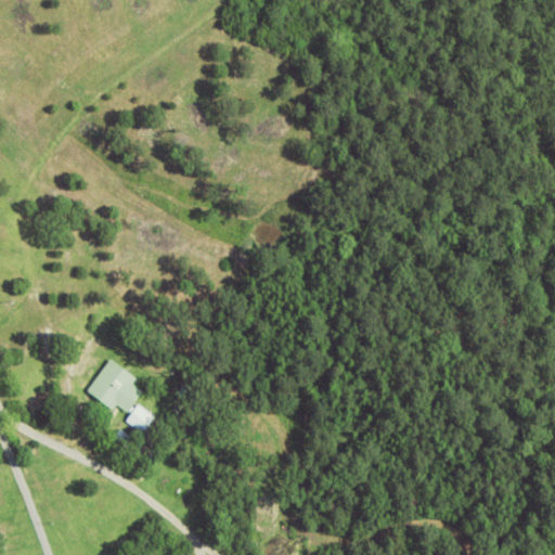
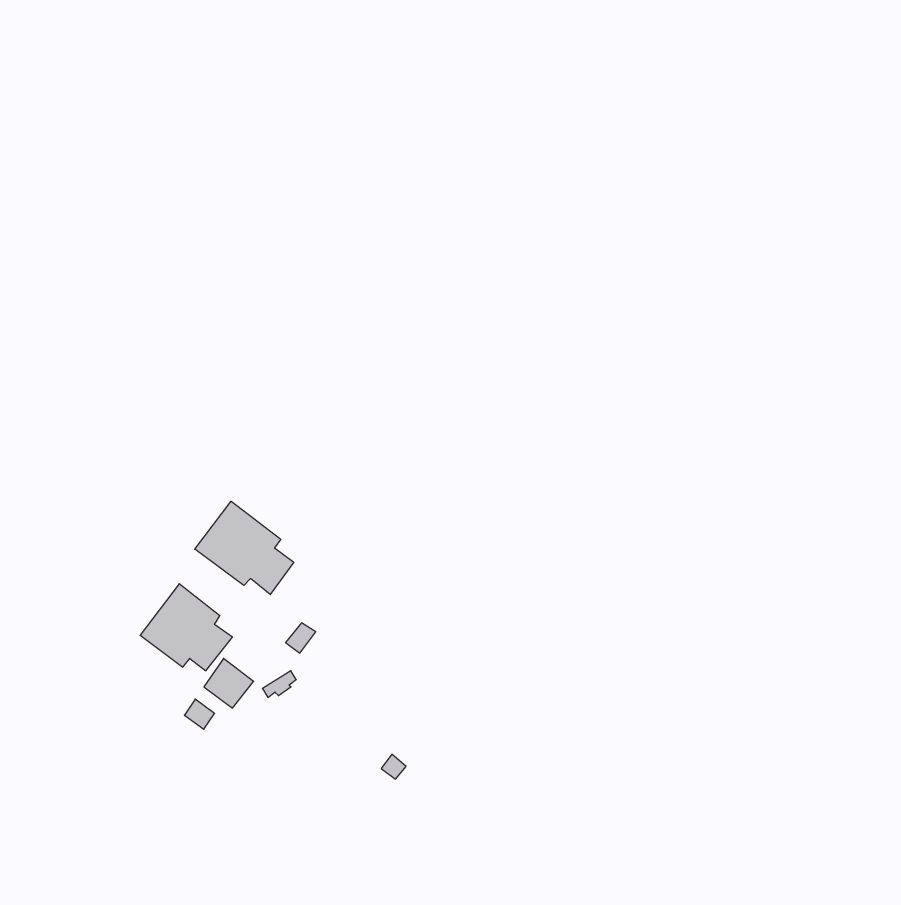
building: none -> [195,501,294,595]

